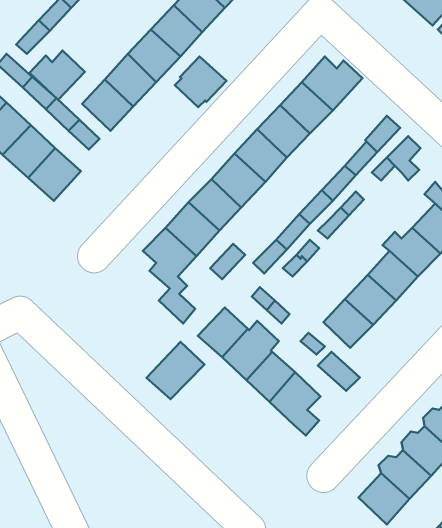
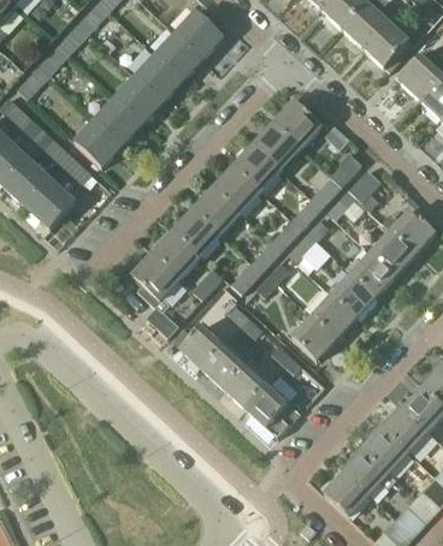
building: [30,50,85,100] -> none
building: [175,56,226,107] -> none
building: [146,342,204,399] -> none

